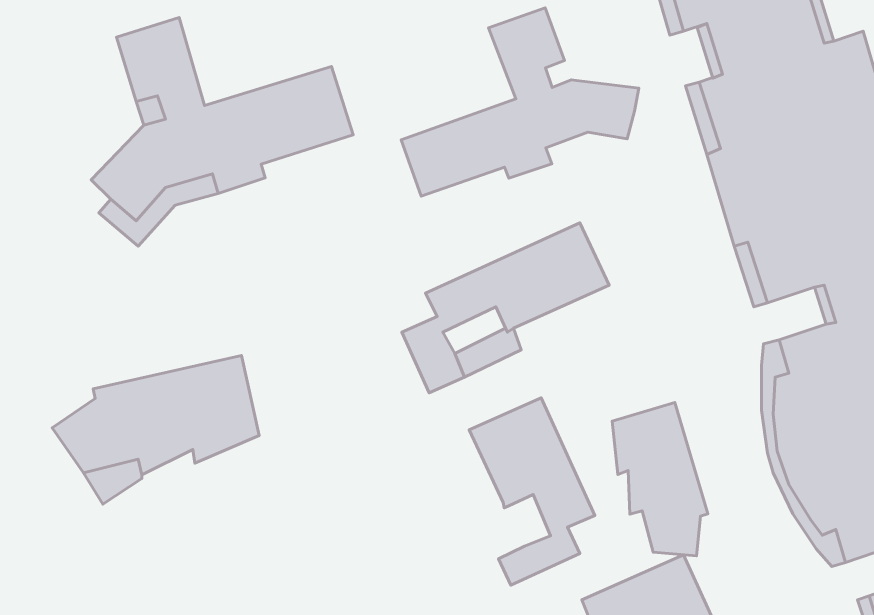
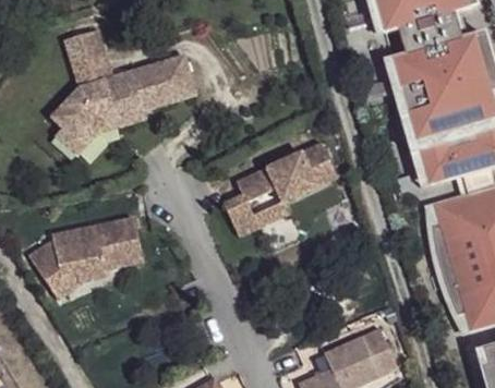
building: [401,8,639,196] -> none
building: [469,398,595,585] -> none
building: [612,402,708,556] -> none

